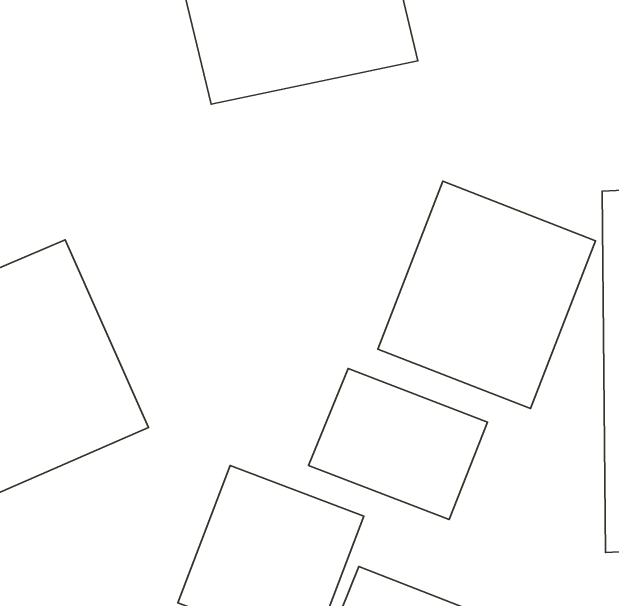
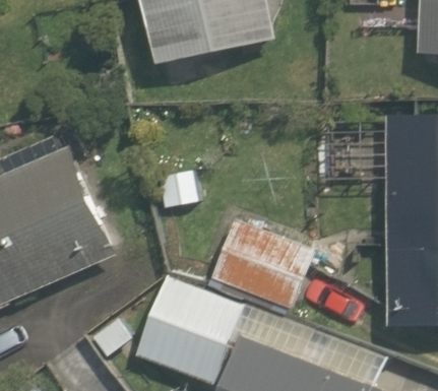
building: [378,181,596,409] -> none

